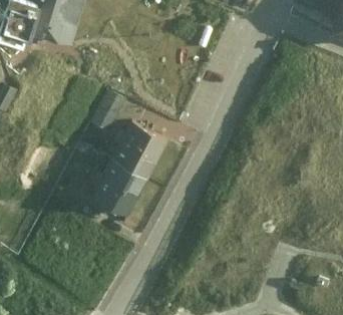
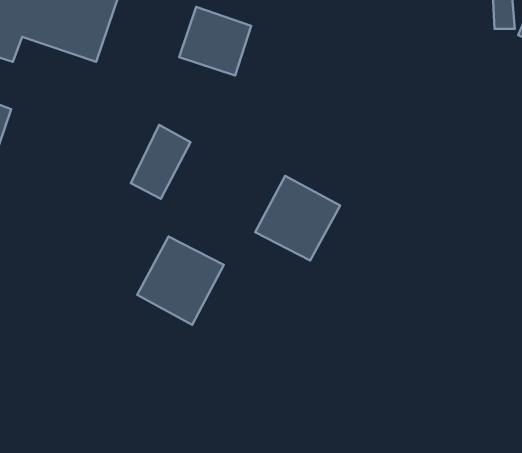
building: none -> [179,7,251,75]
building: [111,124,165,179] -> [255,176,340,261]

